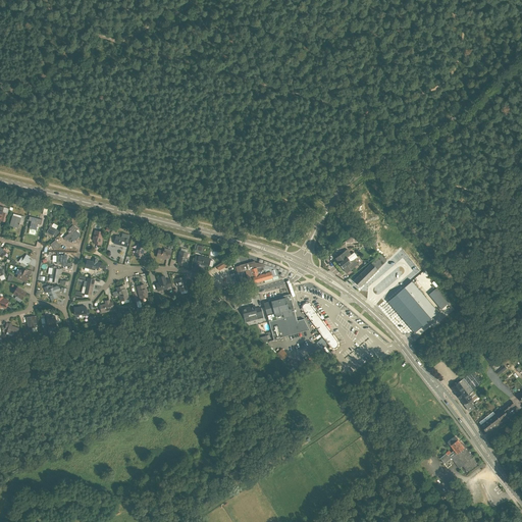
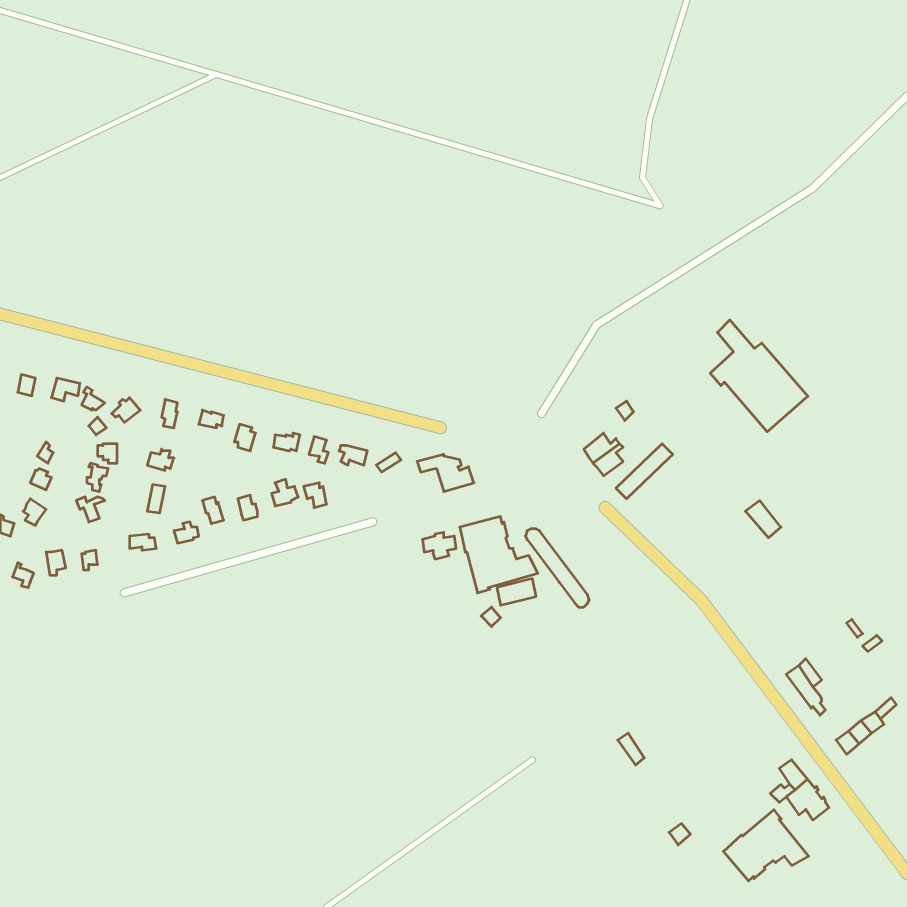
building: [382,268,438,332] -> [710,320,808,432]
building: none -> [723,810,809,881]

